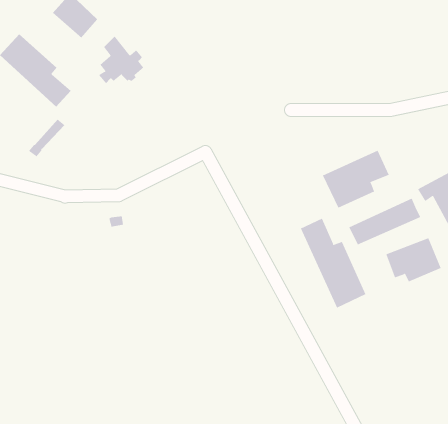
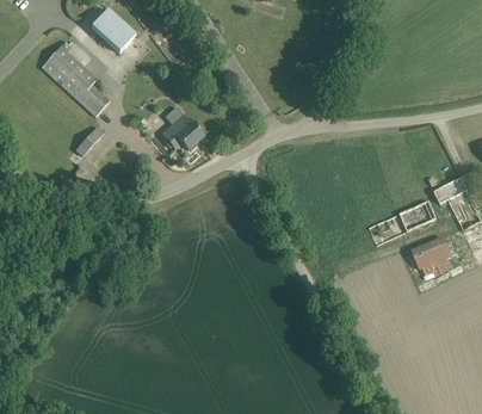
building: [98,36,144,84] -> [161,105,204,150]
building: [322,150,389,208] -> none
building: [300,218,366,309] -> none

